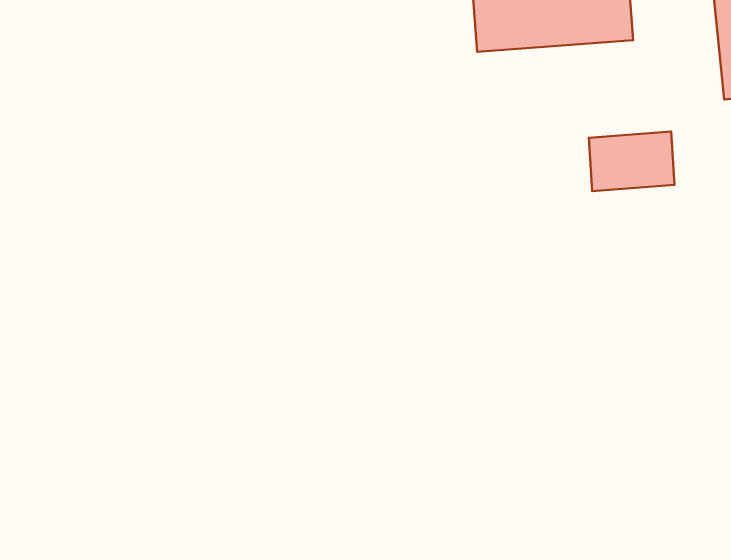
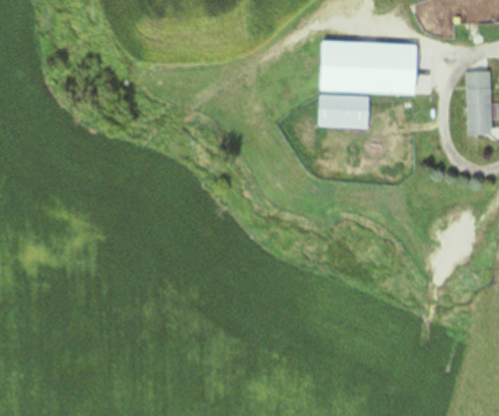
building: [589,132,675,191] -> [318,93,368,126]

